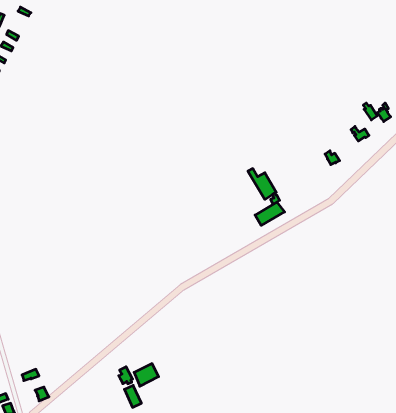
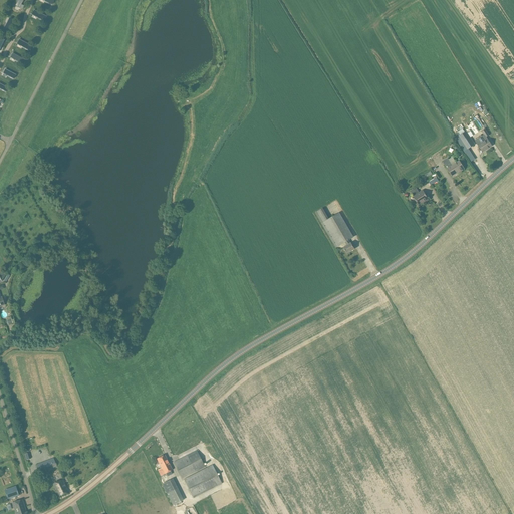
building: [255,202,285,225] -> none
building: none -> [184,465,221,497]

